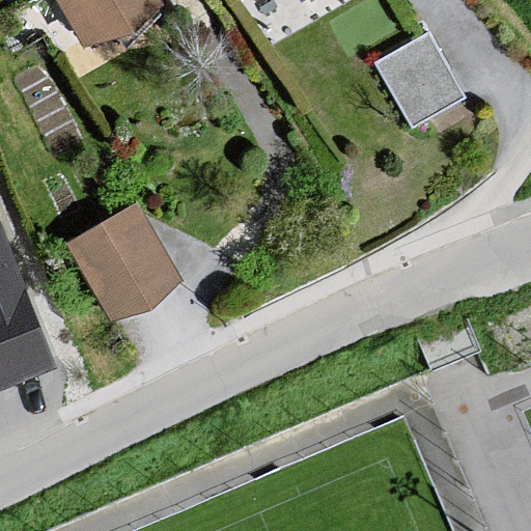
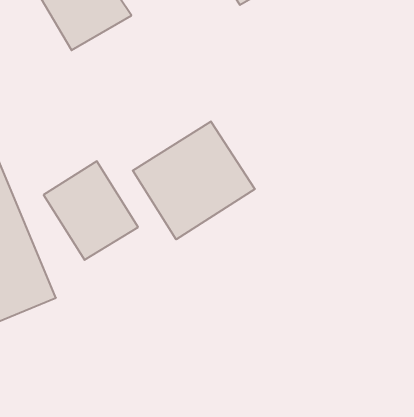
building: [368,17,459,113] -> none
building: none -> [133,121,255,239]

